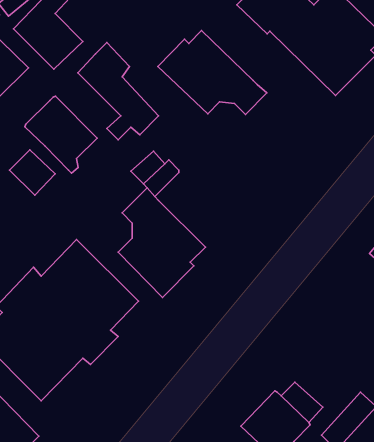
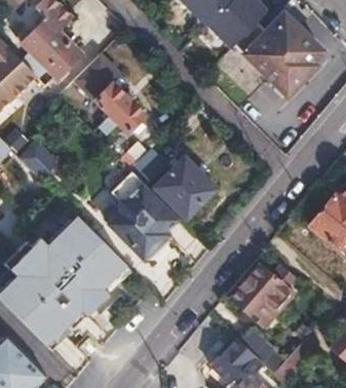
building: [158,30,267,114] -> none
building: [25,96,97,173] -> none
building: none -> [161,159,216,216]
building: none -> [232,264,305,325]

